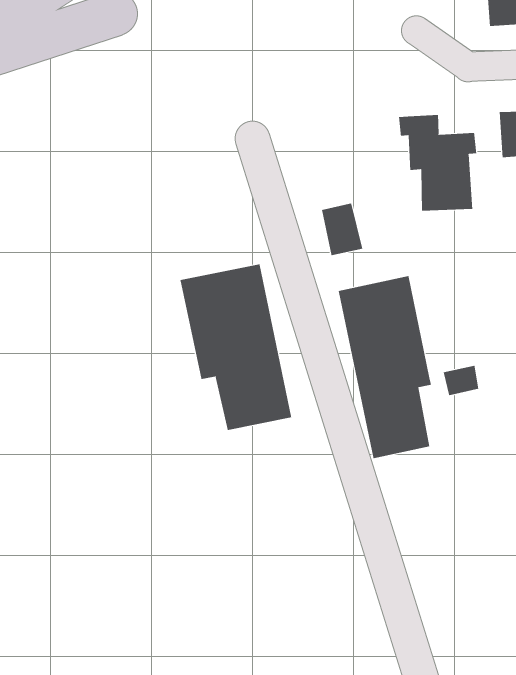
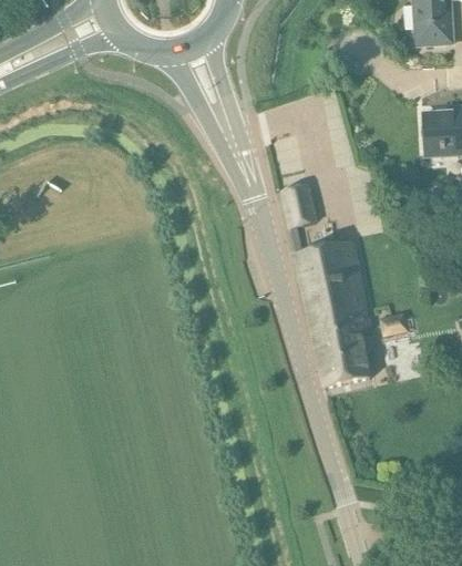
building: [398,114,477,212] -> none
building: [180,263,292,431] -> none

